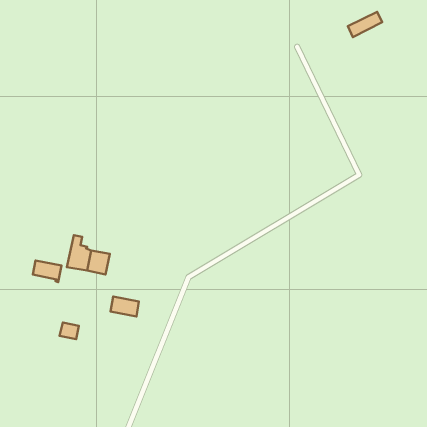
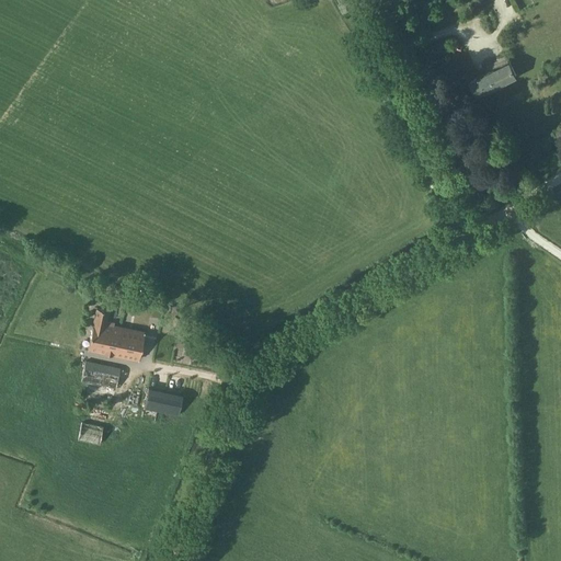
building: [348,12,382,37] -> [471,64,516,96]
building: [33,260,61,282] -> [83,363,121,391]

